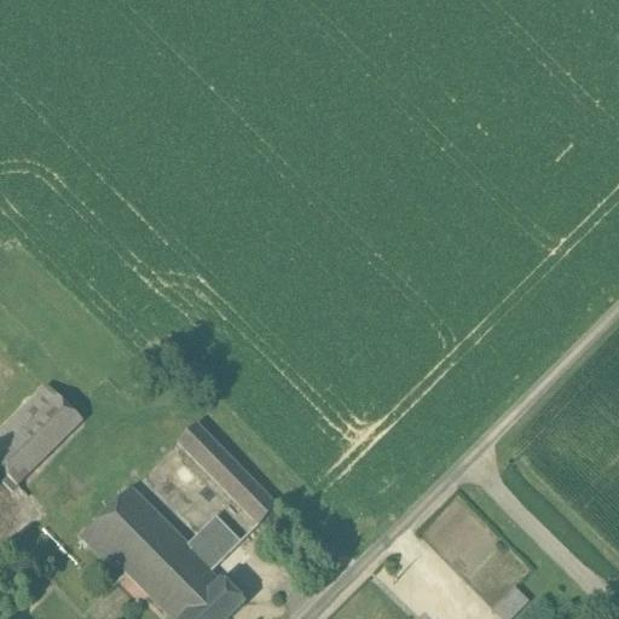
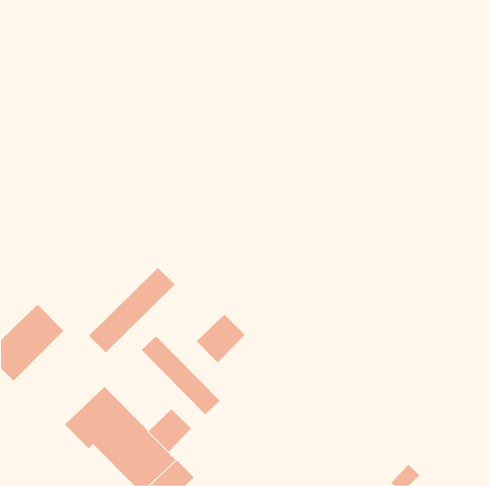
building: none -> [88,267,176,353]
building: none -> [196,314,245,363]

